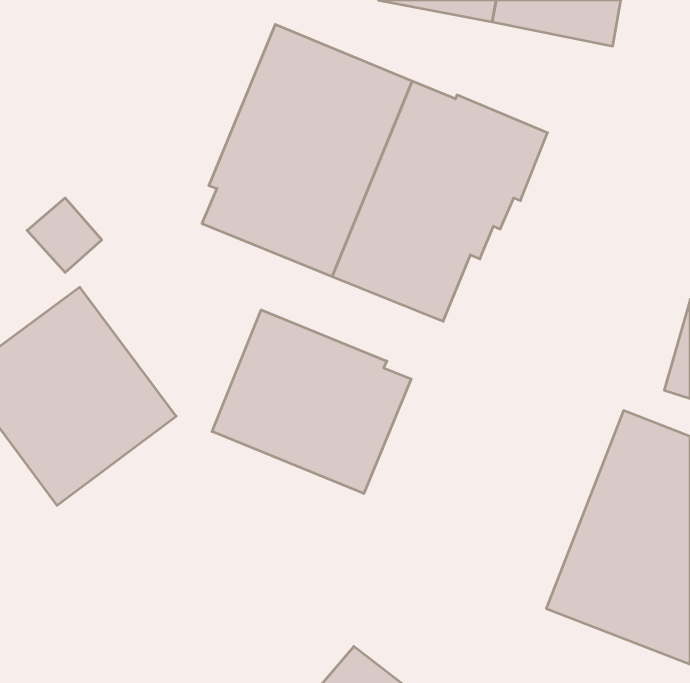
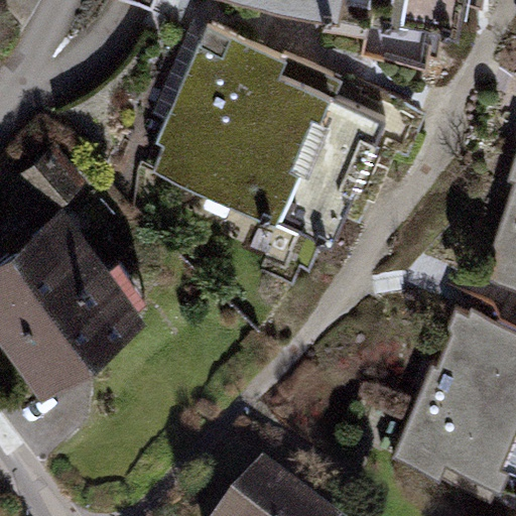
building: [212,310,411,494] -> none

